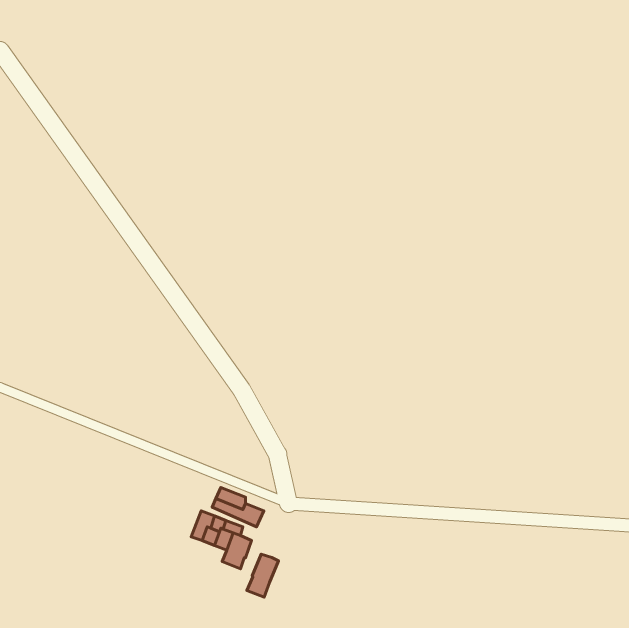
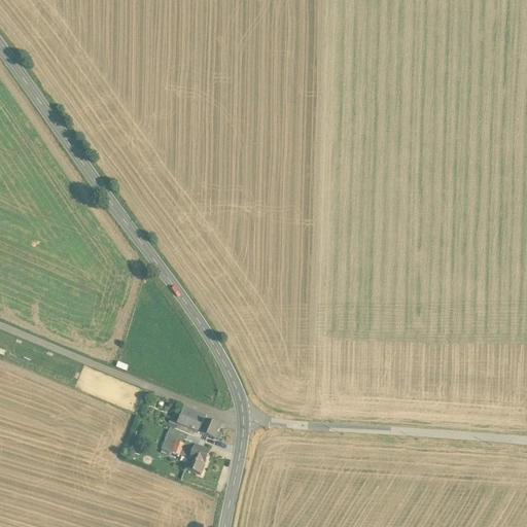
building: [247,554,279,597] -> none

